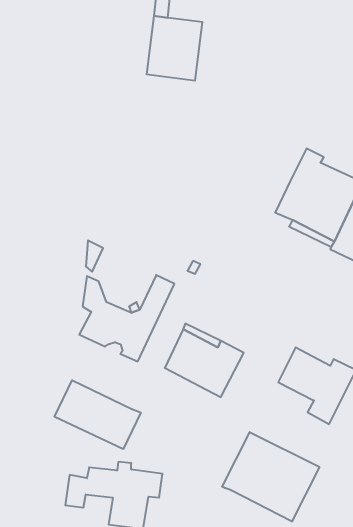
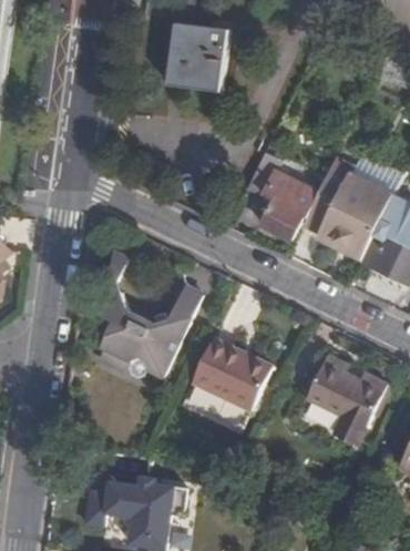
building: none -> [247,154,318,241]
building: [55,380,141,449] -> none
building: [222,432,319,522] -> none

